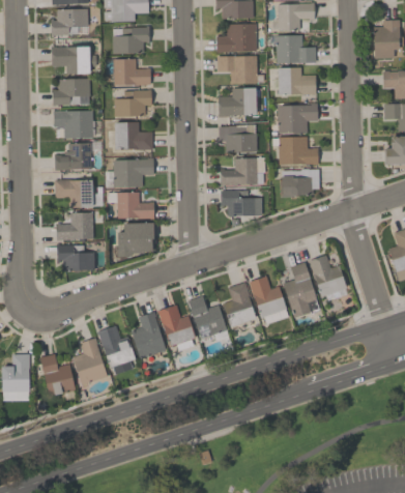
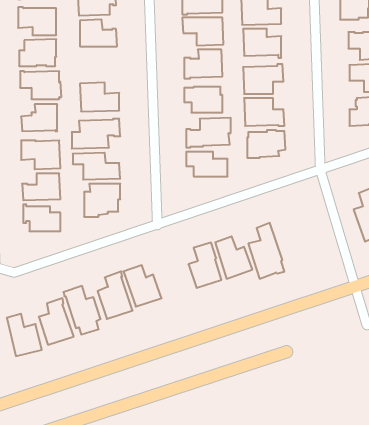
building: [114,90,151,116] -> none
building: [310,255,347,296] -> none
building: [189,296,227,339] -> none

